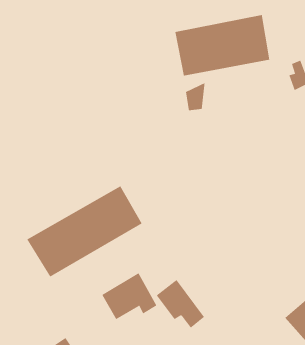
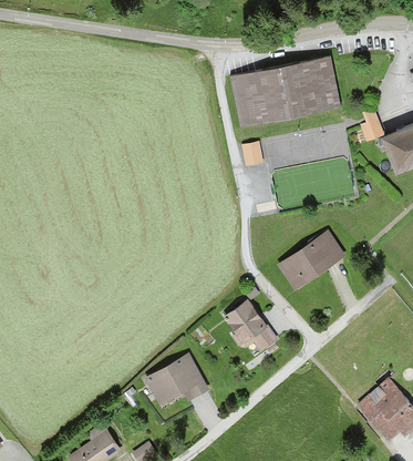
building: none -> [279,230,343,288]
building: [27,185,143,278] -> none
building: [156,279,205,328] -> [223,296,279,352]

